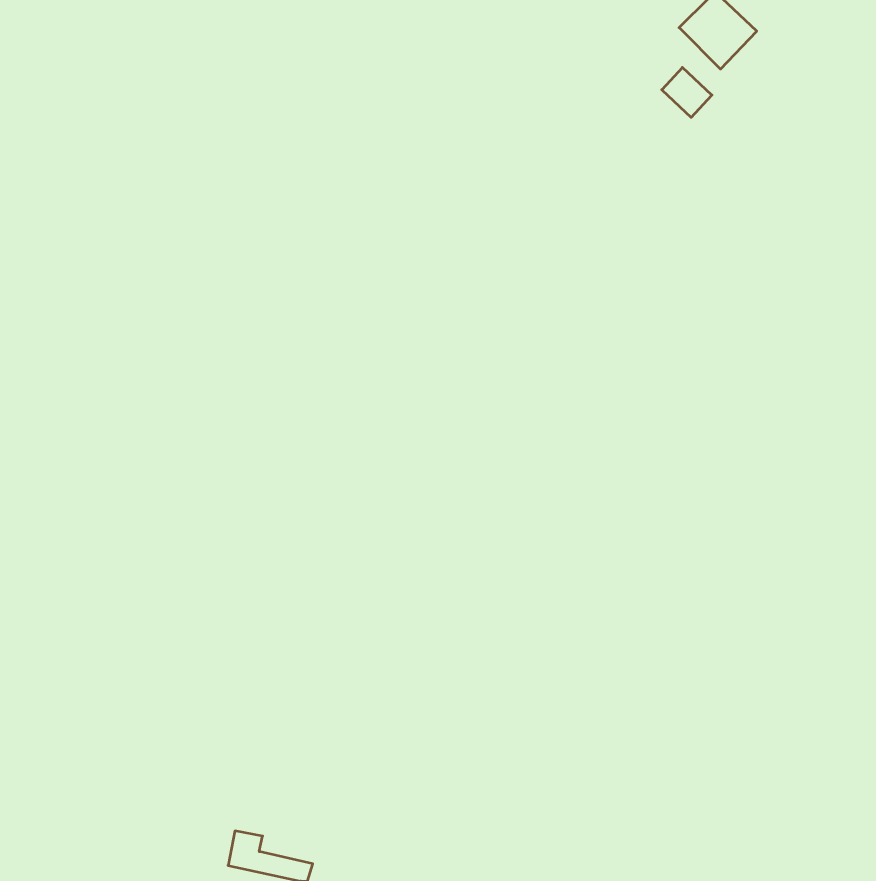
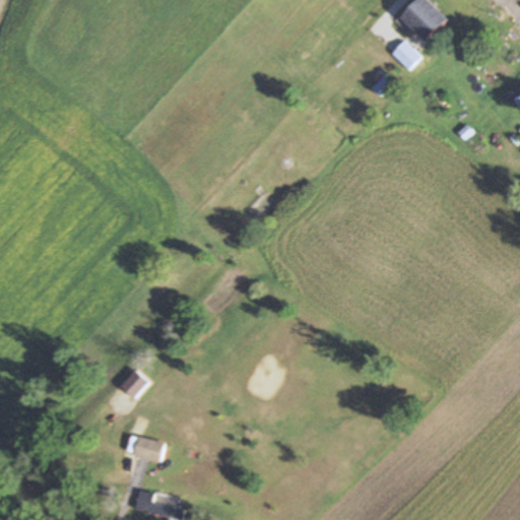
building: none -> [120,368,147,396]
building: none -> [131,434,166,462]

